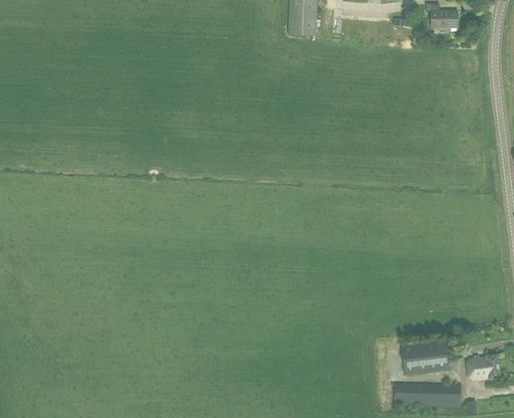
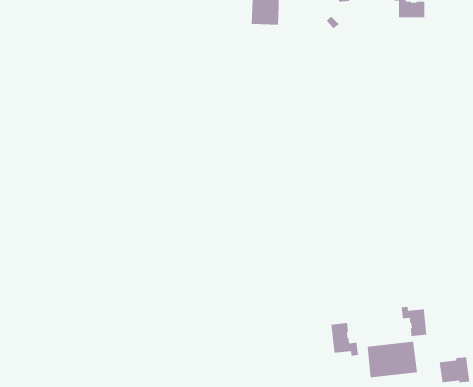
building: none -> [401,306,427,337]
building: none -> [331,322,358,356]

